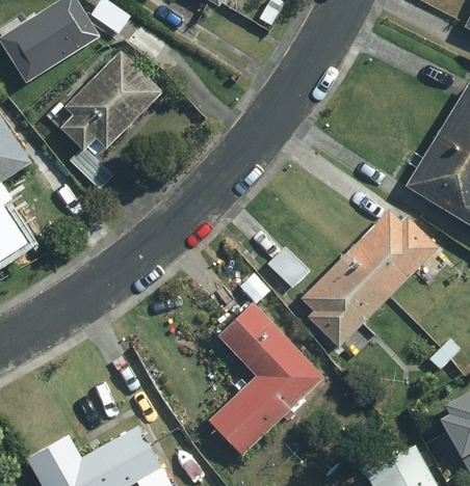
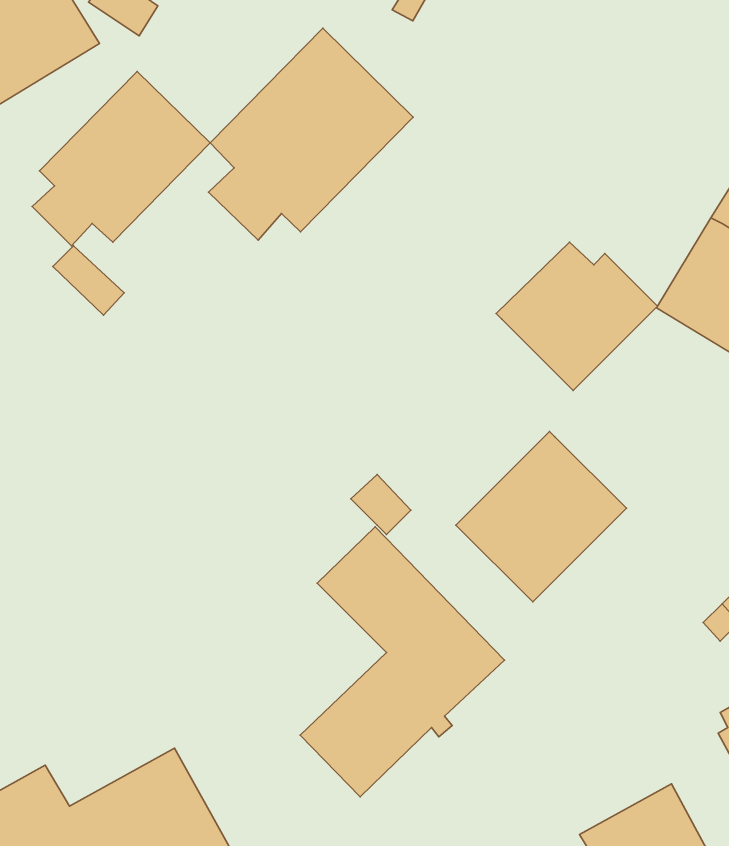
building: none -> [209,28,413,240]
building: [347,212,437,294] -> [496,242,657,390]

